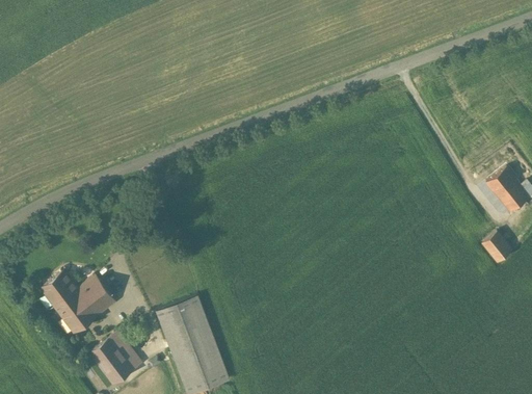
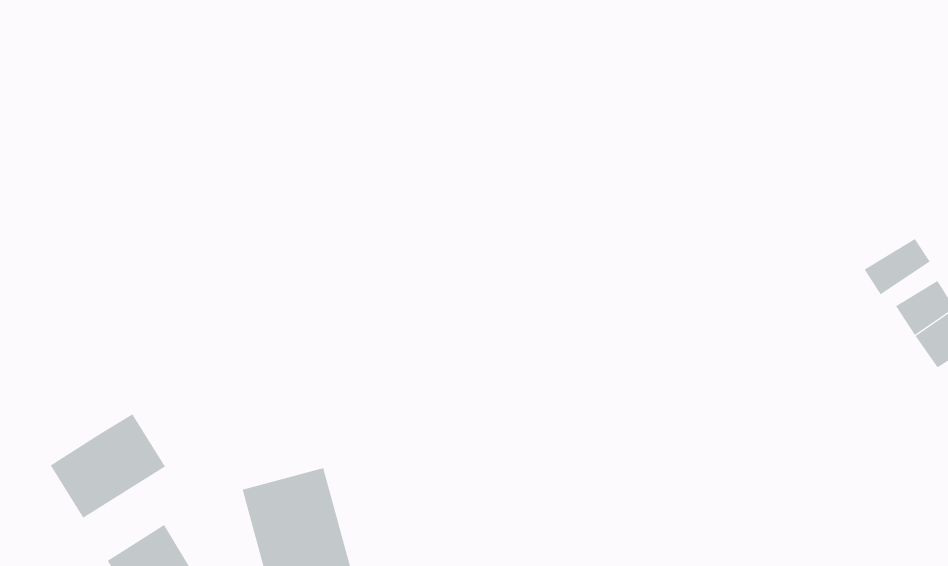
building: none -> [864,238,930,295]
building: [482,232,512,263] -> none
building: [42,270,79,307] -> none

